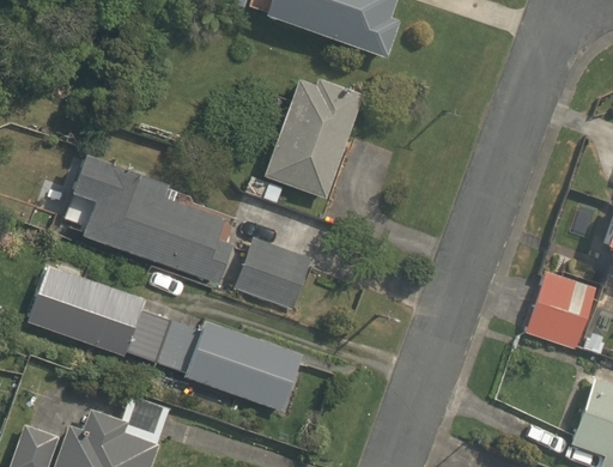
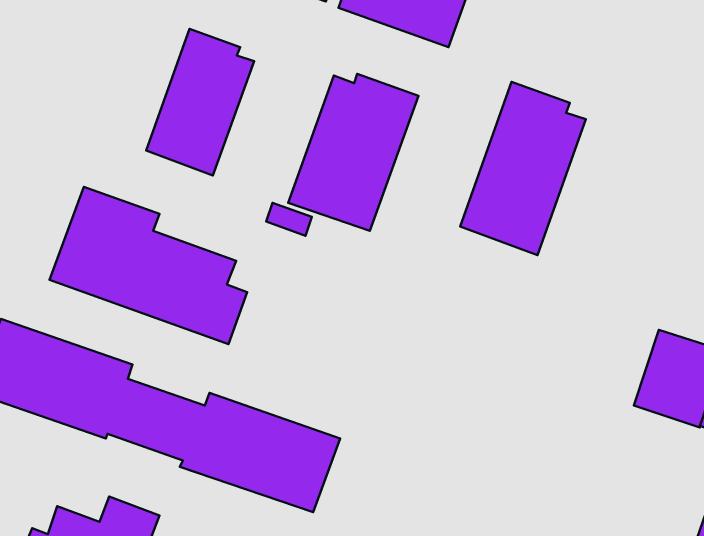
building: none -> [146,29,254,176]
building: none -> [460,82,586,255]
building: [237,238,311,308] -> none

